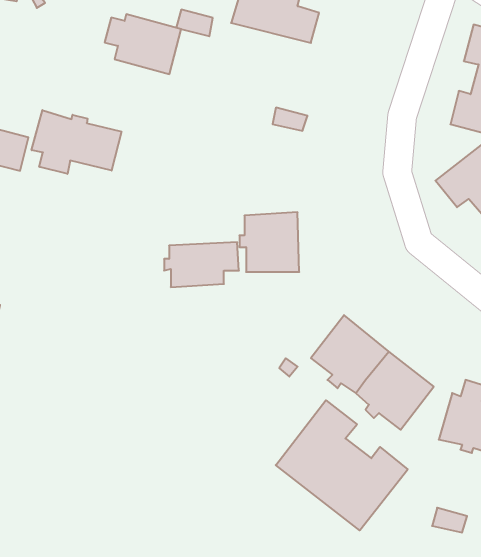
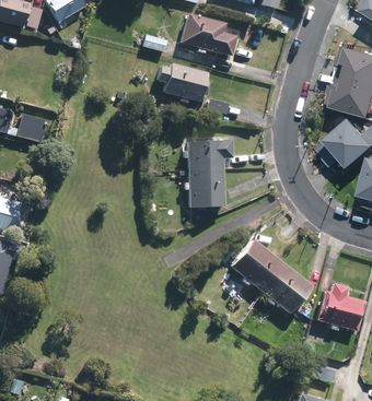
building: [105,14,181,74] -> [156,62,207,102]
building: [32,110,121,174] -> none
building: [164,242,239,287] -> [183,140,232,169]
building: [276,400,408,530] -> none

